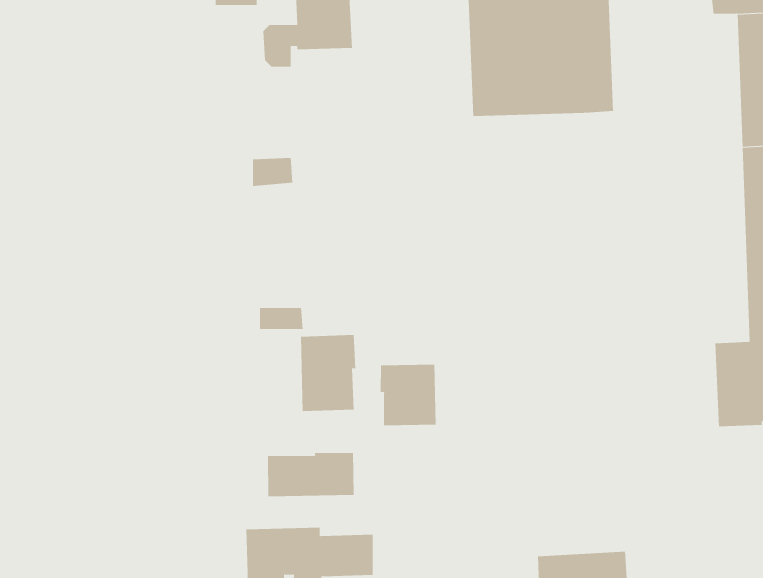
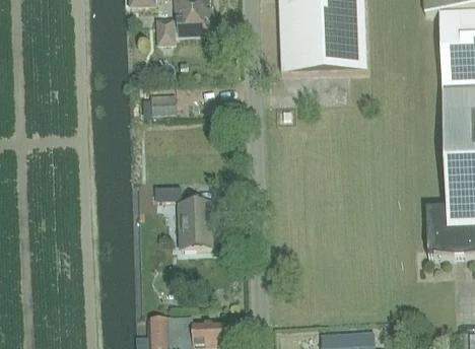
building: [380,364,436,426] -> none
building: [268,452,354,497] -> none

